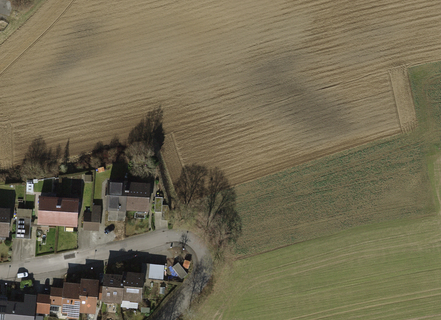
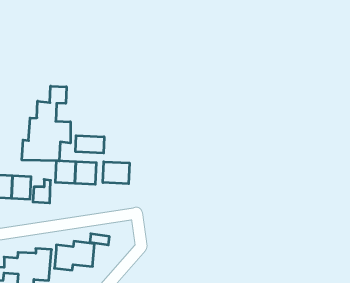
building: none -> [22,86,70,161]
building: none -> [76,136,104,153]
building: none -> [103,162,129,184]

